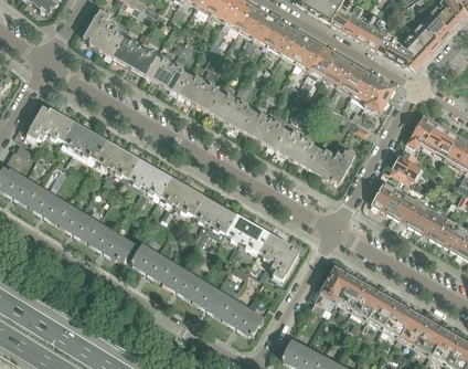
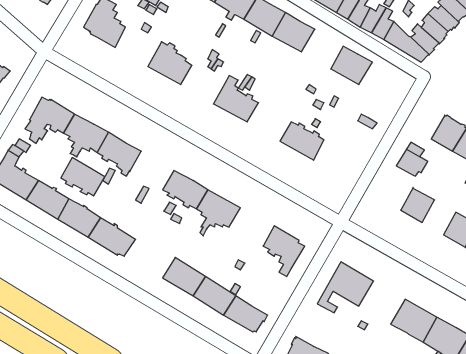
building: [114,36,159,75] -> none
building: [296,39,337,77] -> none
building: [178,68,224,112] -> none
building: [352,71,394,112] -> none
building: [243,110,290,148] -> none
building: [407,115,436,146] -> none
building: [307,139,357,182] -> none
building: [128,158,171,196] -> [61,158,105,196]
building: [371,181,405,215] -> none
building: [414,205,447,240] -> none
building: [225,213,269,251] -> none
building: [131,243,172,282] -> none
building: [352,285,397,327] -> none

